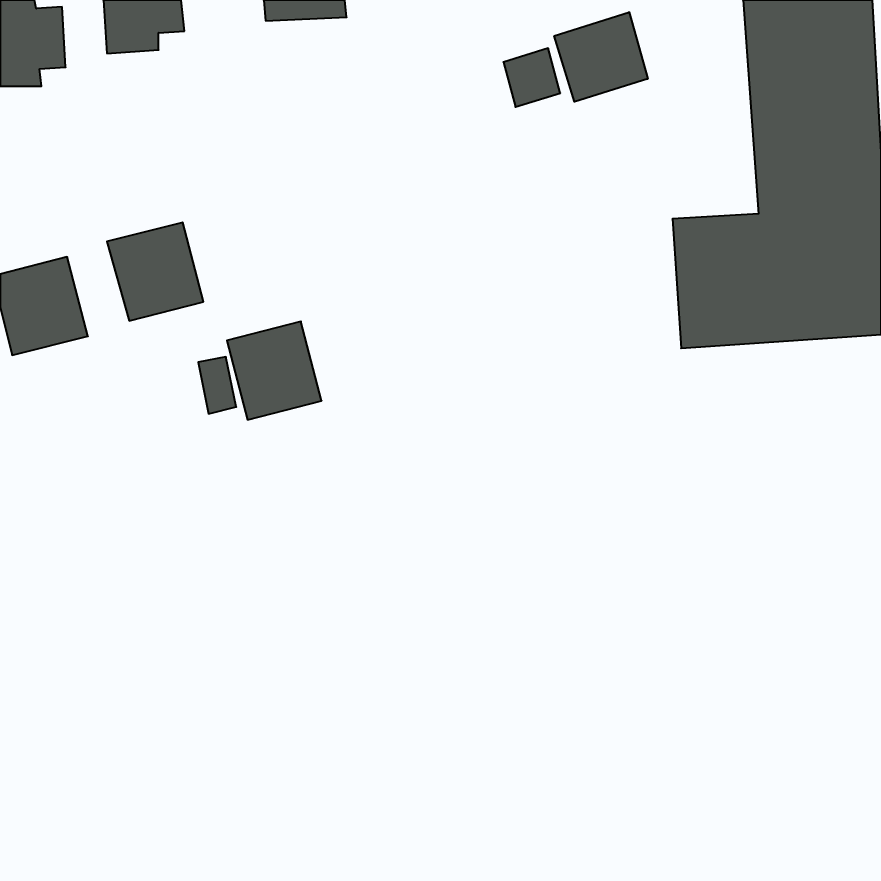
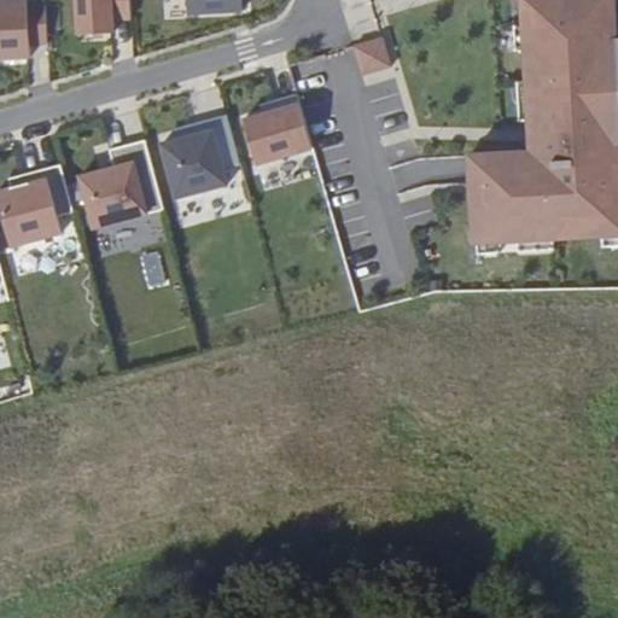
building: [554,12,648,102] -> none
building: none -> [238,101,310,168]
building: [227,321,322,420] -> [159,129,226,198]

